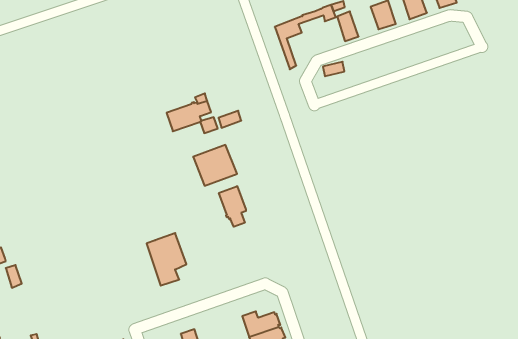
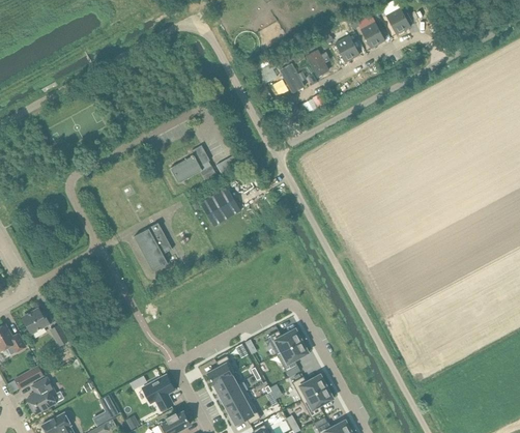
building: none -> [278,63,304,93]
building: [219,186,246,227] -> none
building: [147,233,186,286] -> [133,223,171,271]

